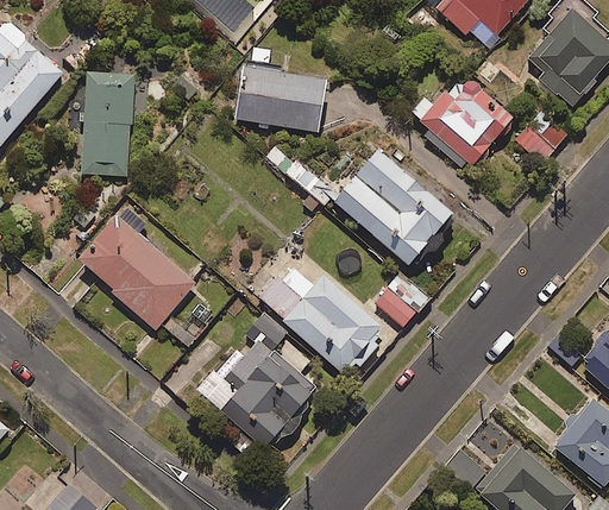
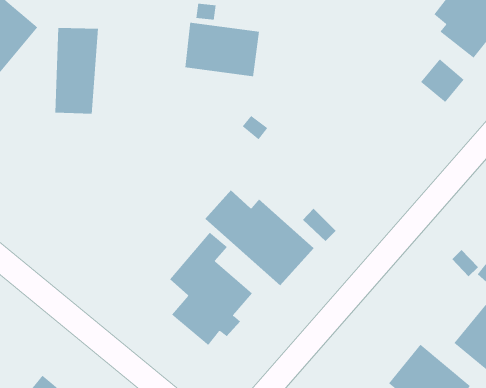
building: [409,71,513,169] -> none
building: [333,149,451,264] -> none
building: [77,204,196,329] -> none

